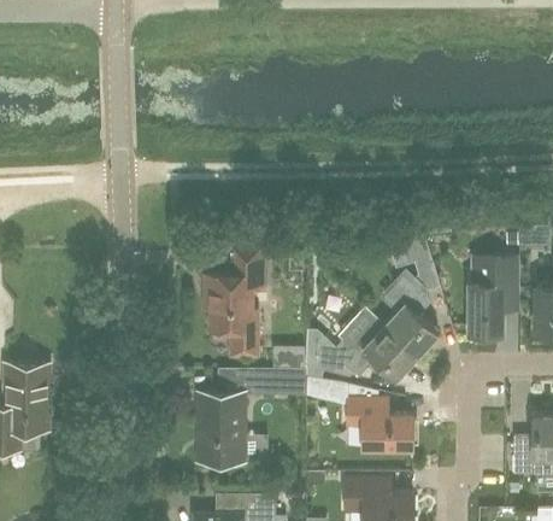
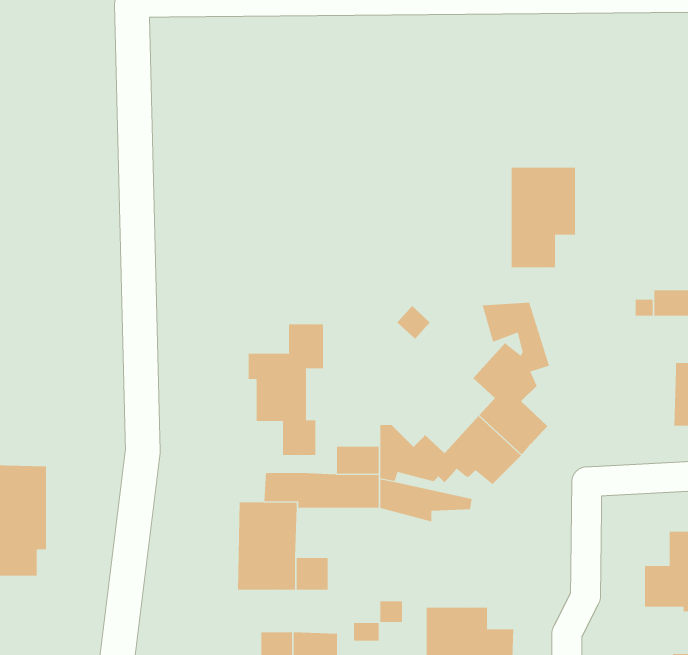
building: [470,254,520,333] -> [511,167,576,268]
building: [337,308,384,353] -> none
building: [348,398,413,446] -> none

